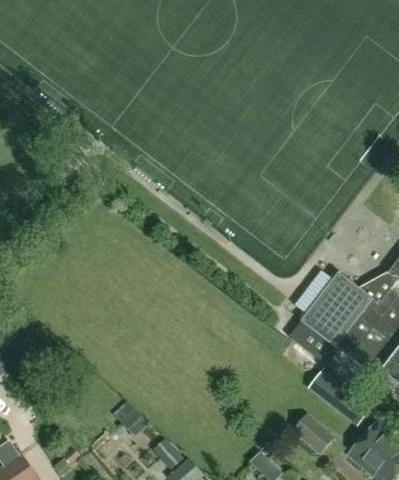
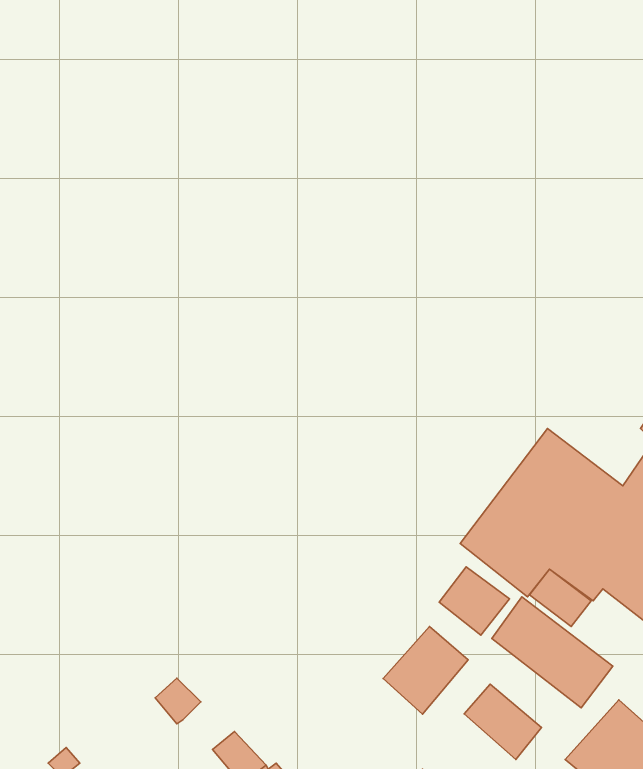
building: none -> [439,567,510,635]
building: none -> [383,627,468,714]

